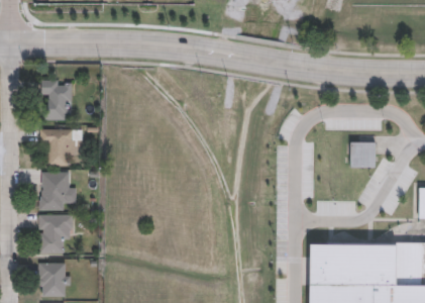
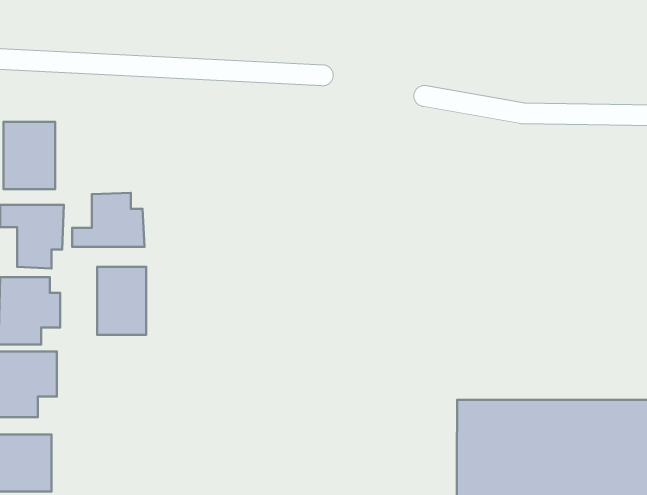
building: none -> [72,193,144,247]
building: [349,143,375,169] -> none
building: none -> [97,267,146,335]

